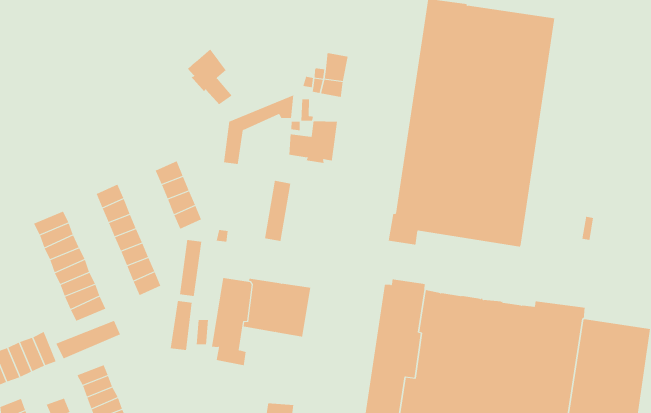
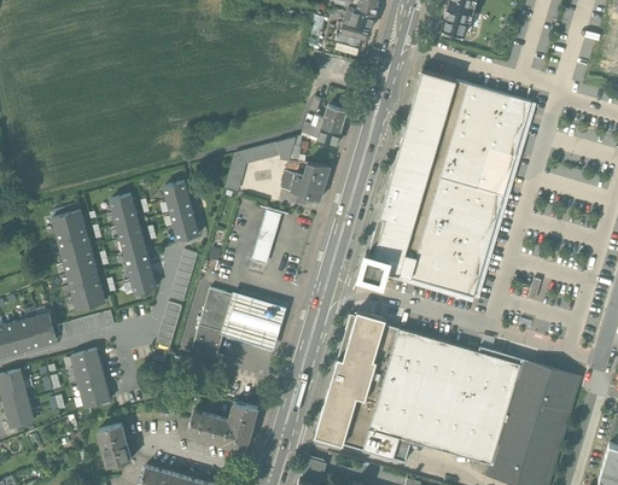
building: [187,48,233,105] -> none

